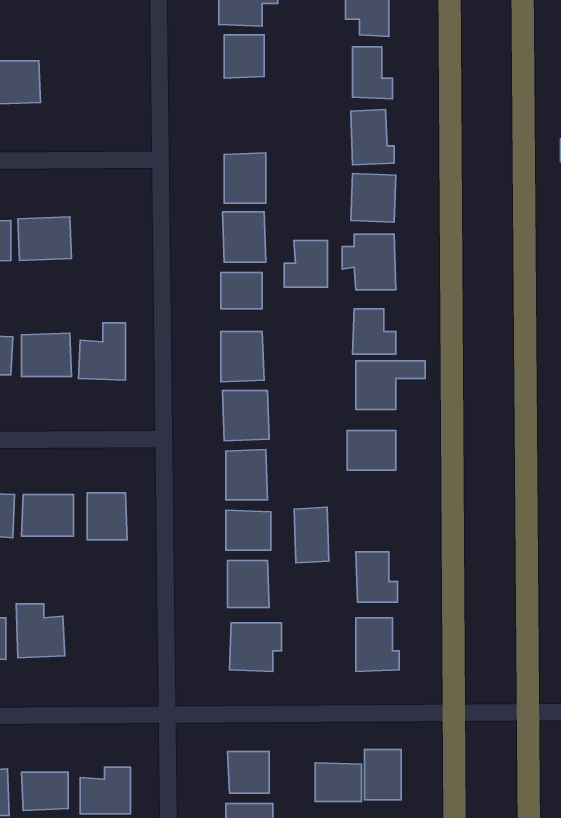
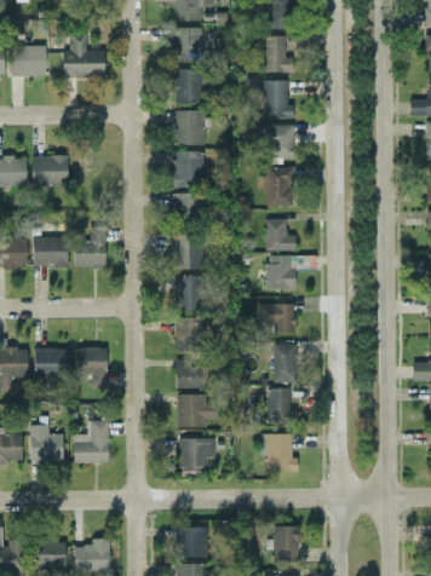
building: none -> [62,35,104,77]
building: none -> [174,69,202,104]
building: [284,241,328,287] -> none
building: [294,507,329,563] -> [272,344,297,382]
building: none -> [73,420,109,463]
building: [315,763,361,801] -> none

